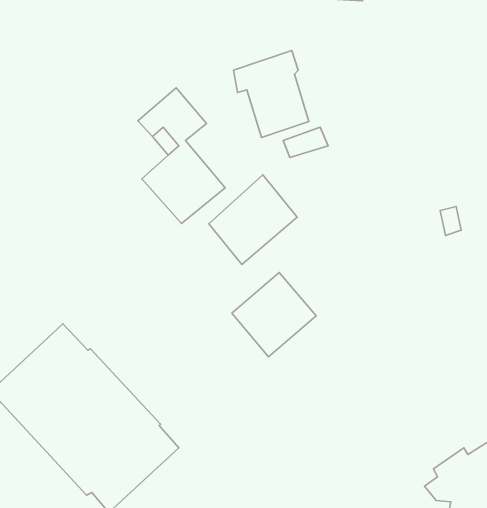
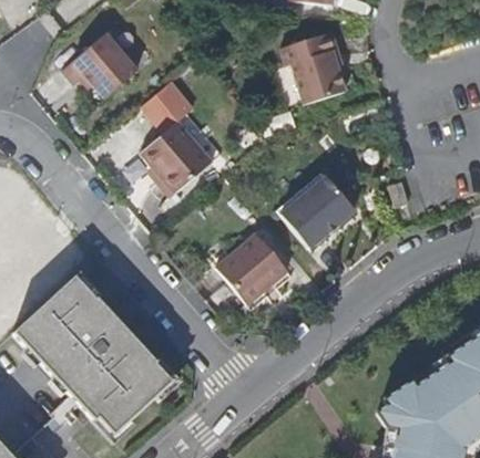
building: none -> [62,32,137,98]
building: [234,50,309,137] -> [279,28,343,101]
building: [209,175,297,265] -> [283,174,357,249]

